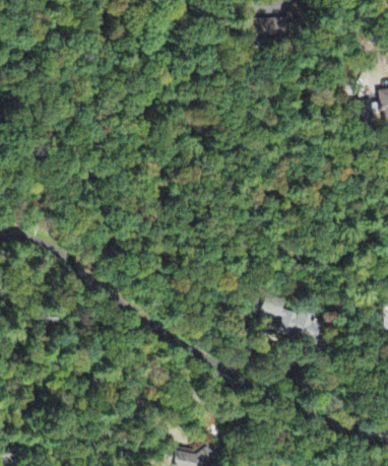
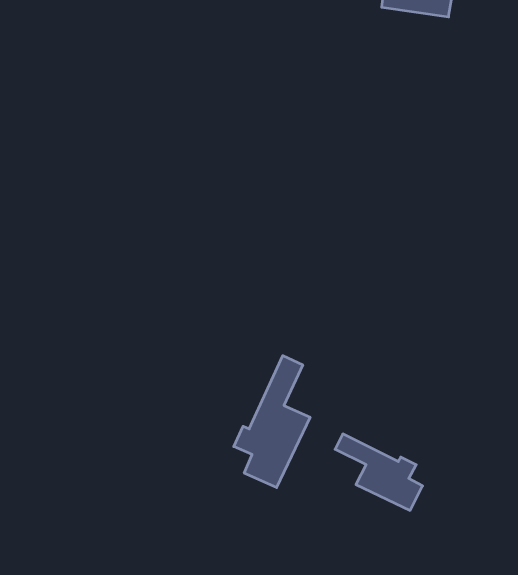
building: none -> [234,356,310,488]

